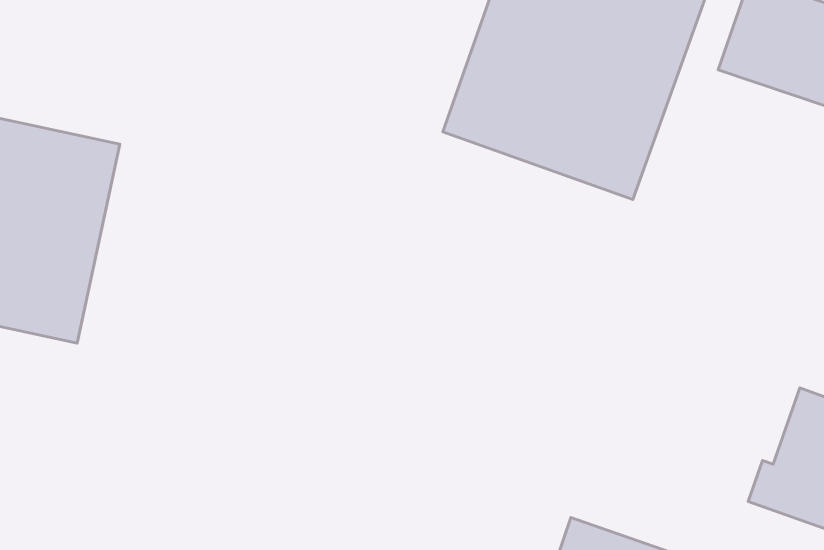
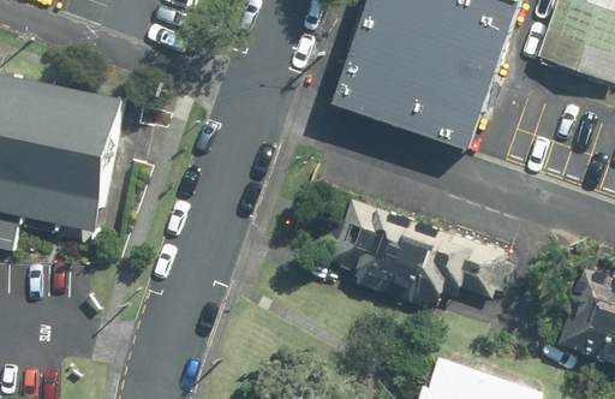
building: none -> [324,200,509,308]

